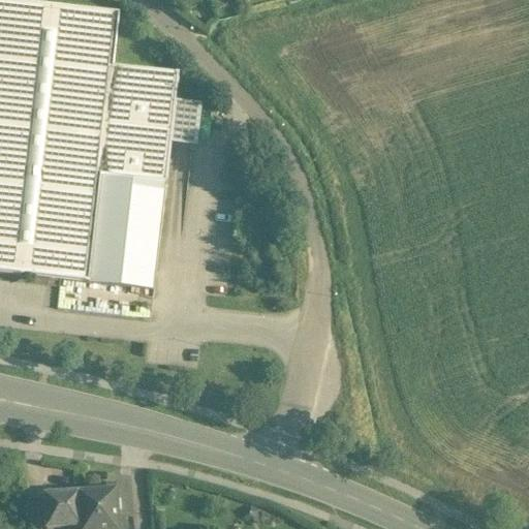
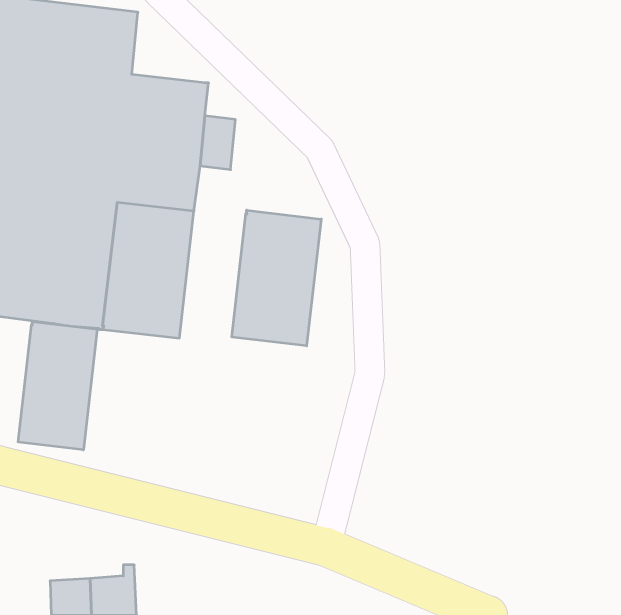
building: none -> [232,210,321,346]
building: none -> [18,321,97,450]

